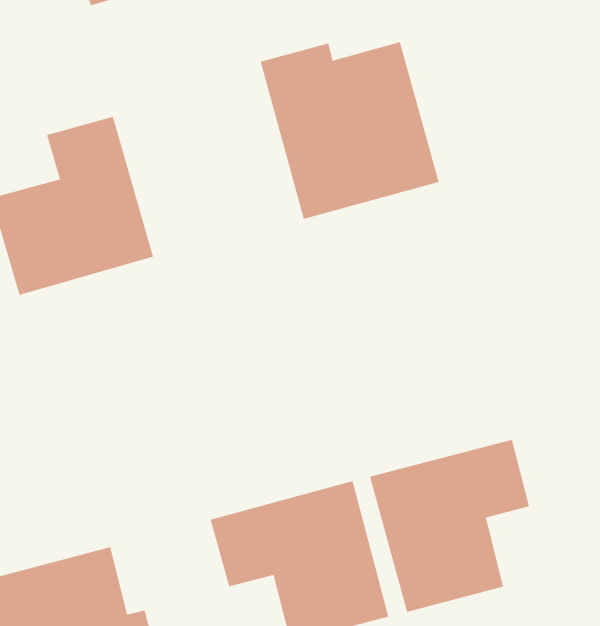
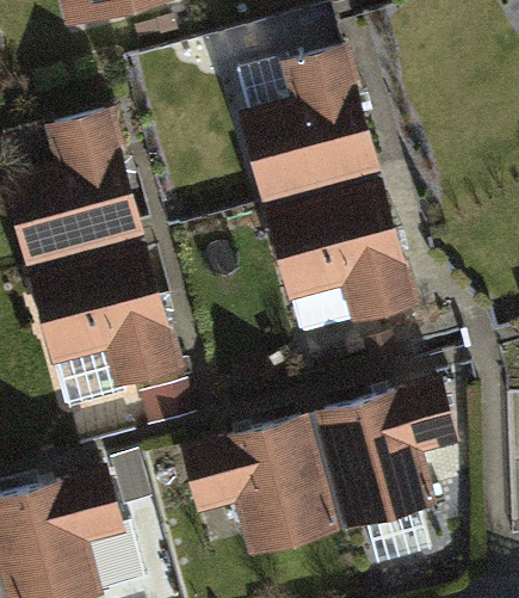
building: none -> [268,185,413,333]
building: none -> [32,249,177,412]

